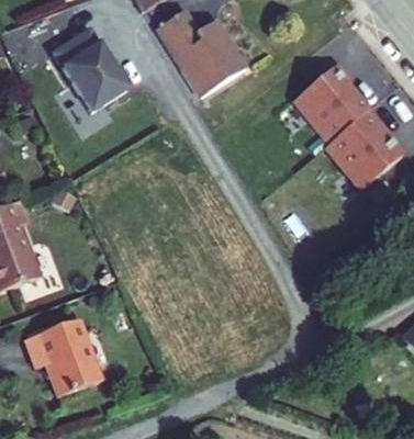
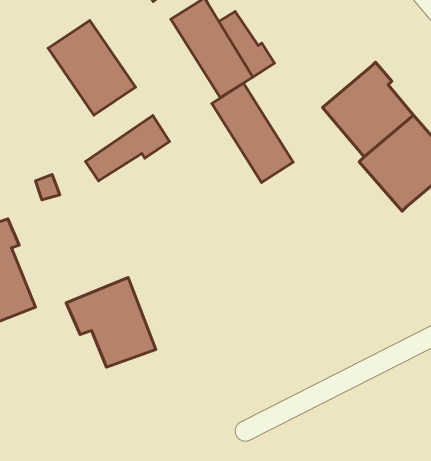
building: none -> [212,83,293,183]
building: none -> [86,116,170,181]
building: [23,318,101,396] -> [66,278,156,367]

